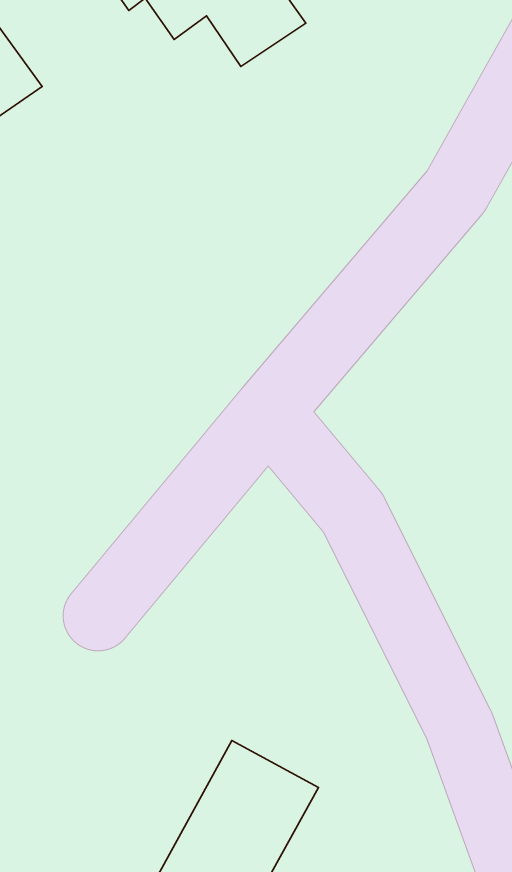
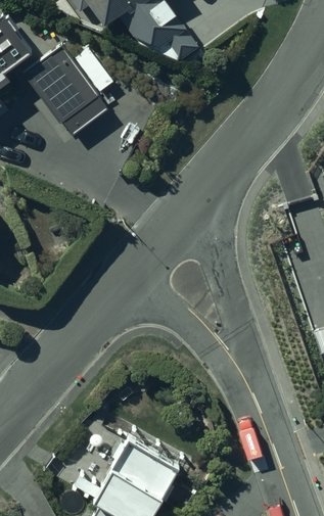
building: none -> [25,51,98,127]

